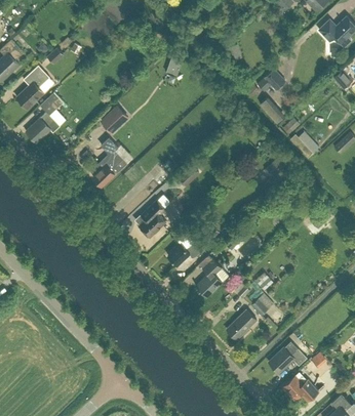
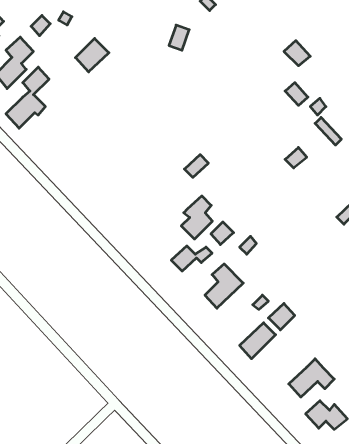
building: [101,106,129,134] -> [75,38,109,72]
building: [92,137,126,186] -> none
building: [140,202,166,239] -> [181,196,212,239]

